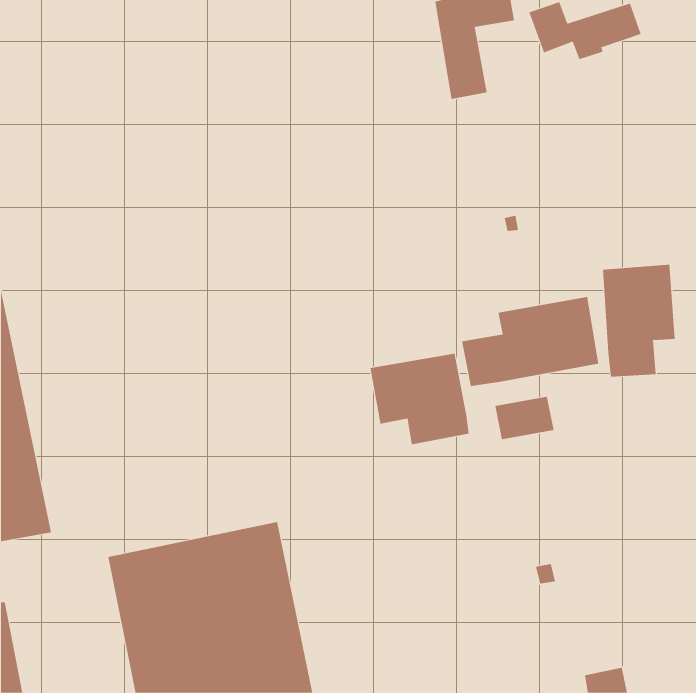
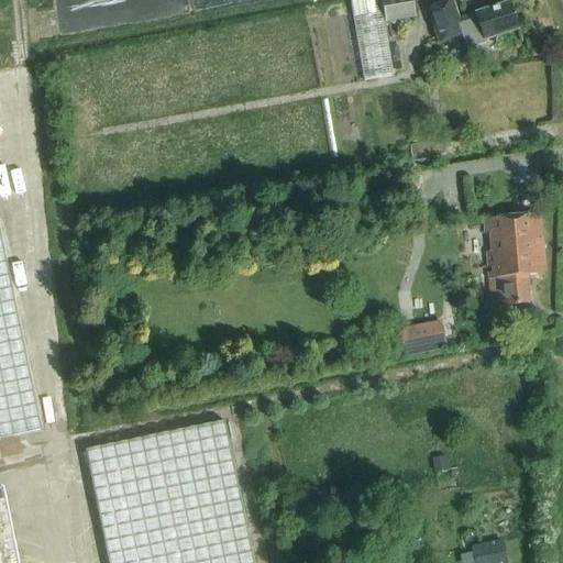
building: [461,296,599,387] -> none
building: [370,353,469,445] -> none

